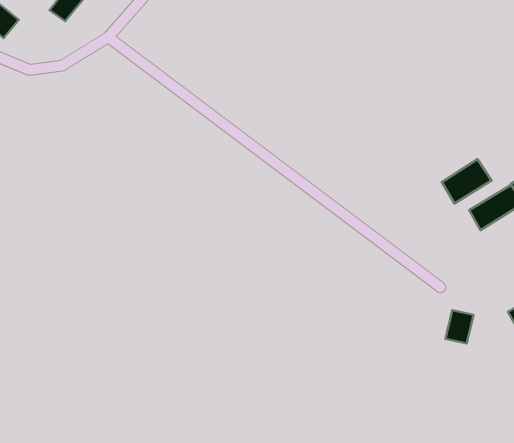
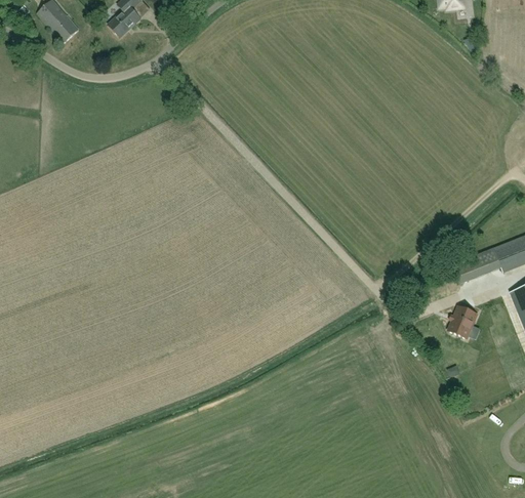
building: [442,159,492,204] -> none
building: [445,310,474,344] -> [449,305,478,337]

